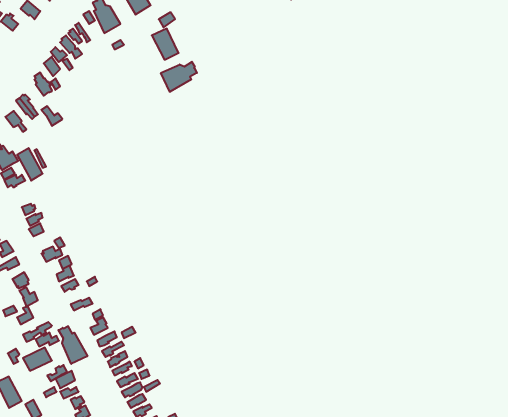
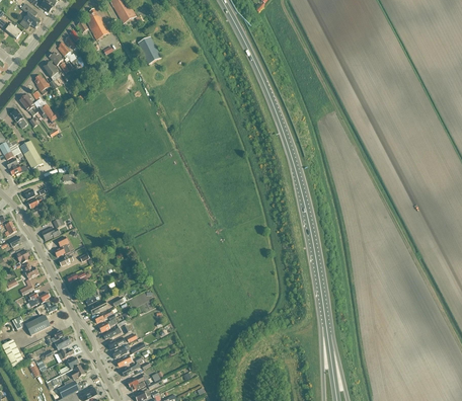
building: [161,62,197,92] -> none
building: [58,326,87,364] -> none

